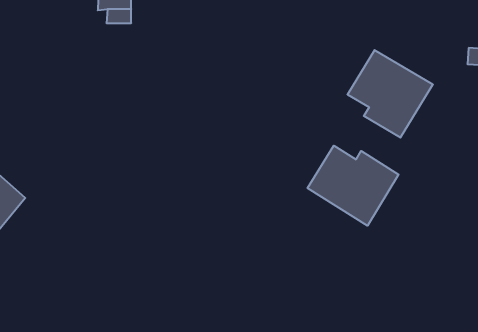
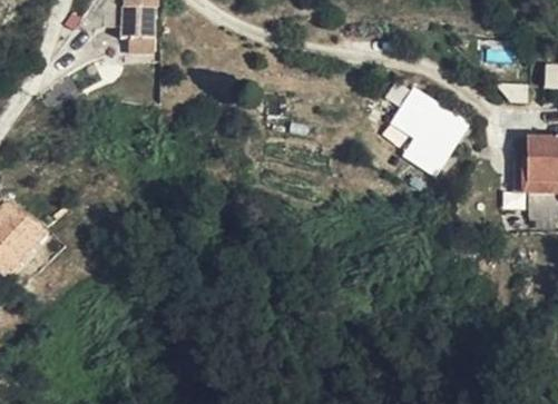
building: [308,146,399,226] -> none

